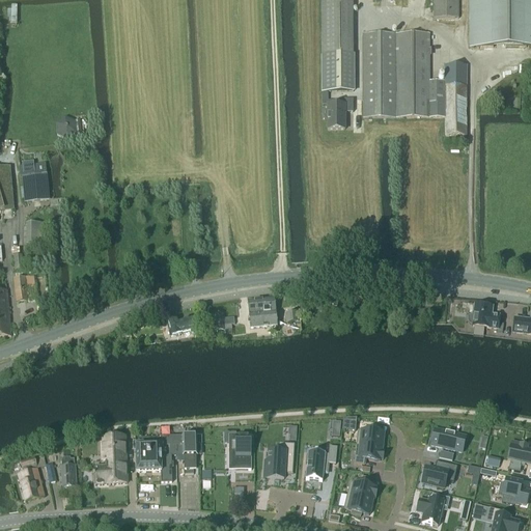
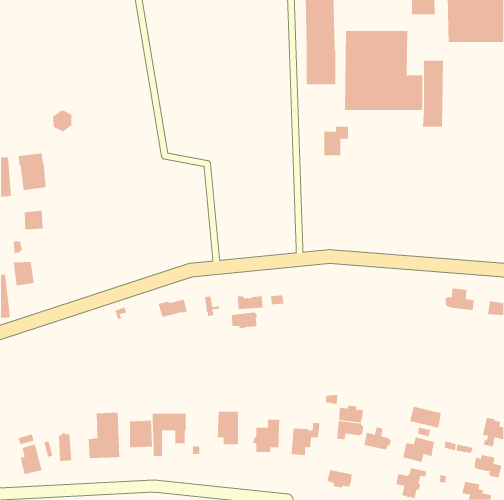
building: [326,96,353,128] -> [323,126,349,156]
building: [248,296,276,313] -> [231,312,257,329]
building: [346,474,376,499] -> [363,426,392,450]

